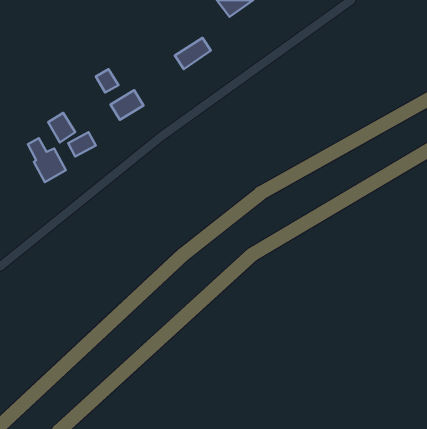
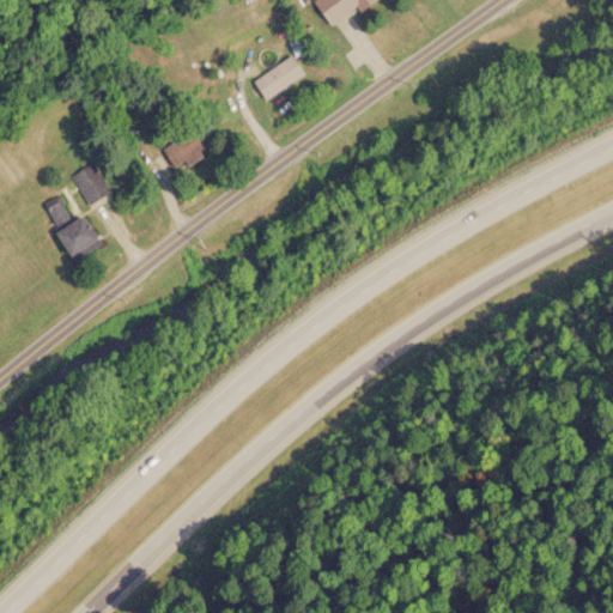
building: [96,69,119,92] -> none
building: [68,132,96,157] -> none

